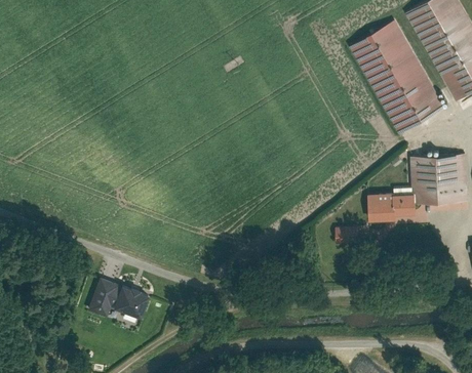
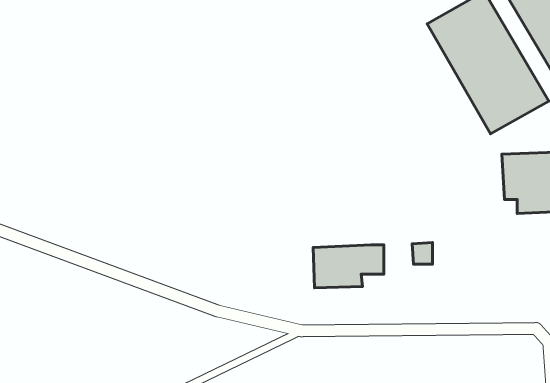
building: [364,191,422,225] -> [313,245,384,288]
building: [89,277,149,317] -> none

